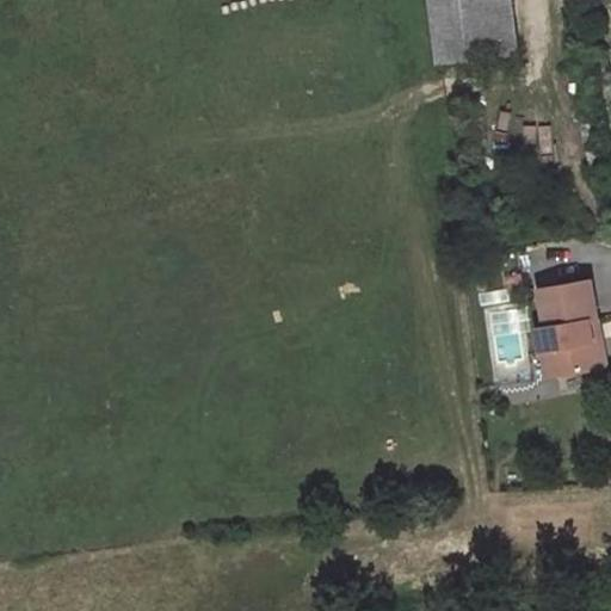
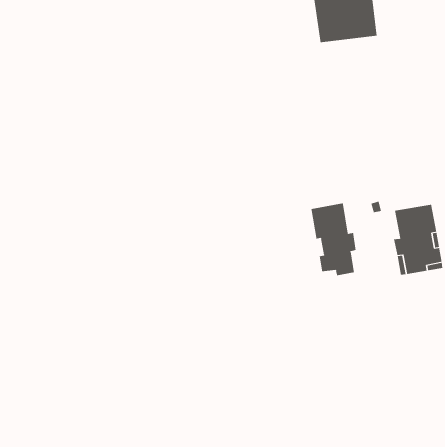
building: none -> [311,202,356,276]

